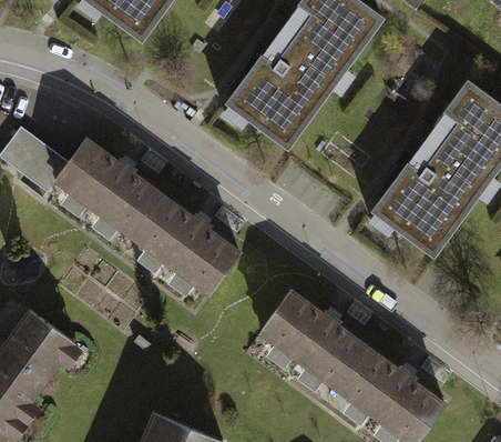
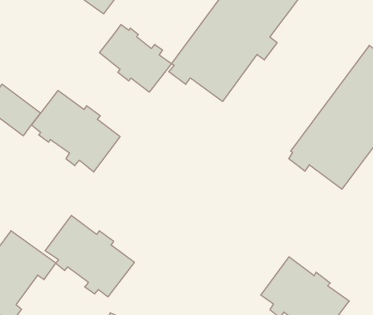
building: none -> [100,25,171,92]
building: [131,193,241,293] -> [45,215,134,297]
building: [262,287,370,388] -> none

